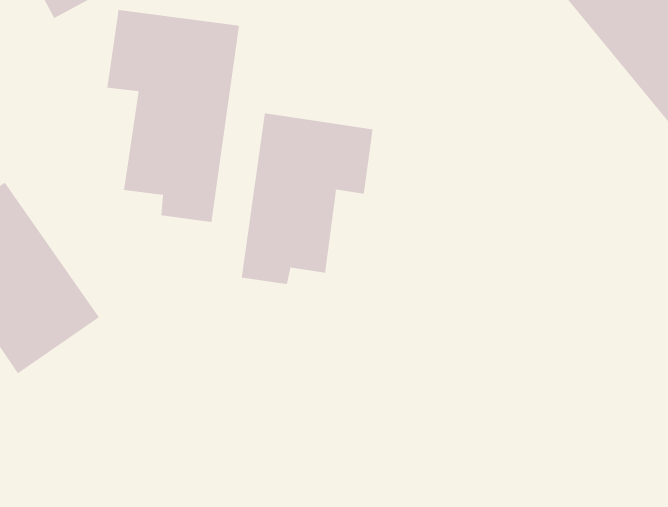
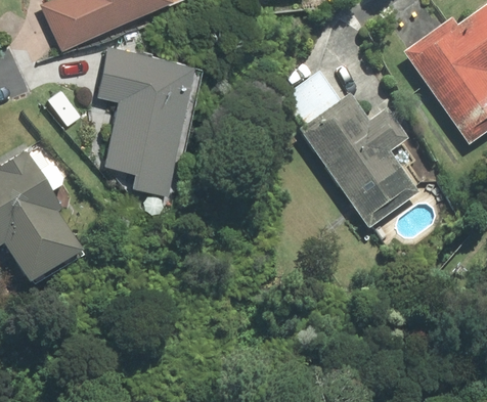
building: none -> [284,73,422,230]
building: [241,113,373,285] -> none

